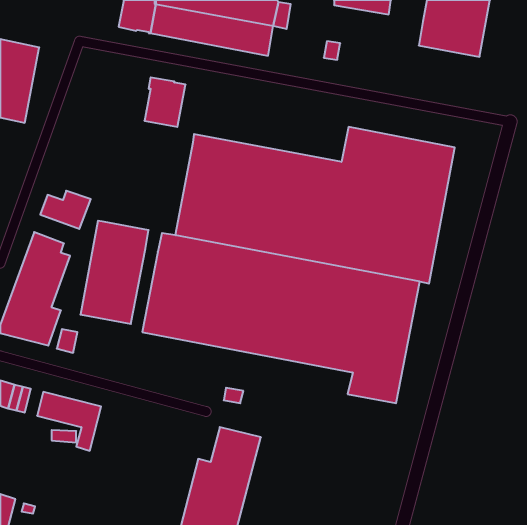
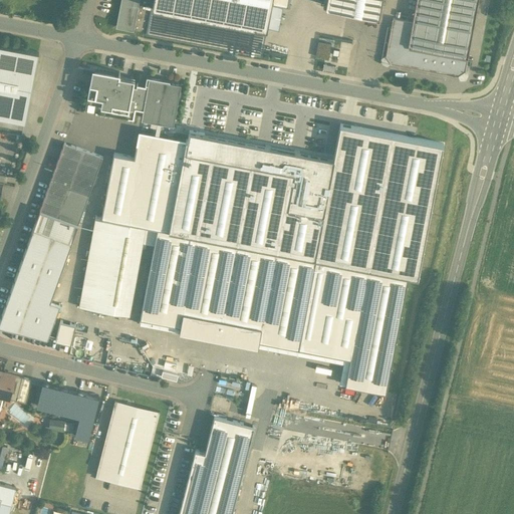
building: none -> [386,19,467,76]
building: none -> [88,72,147,113]
building: none -> [101,132,188,247]
building: none -> [46,144,102,197]
building: none -> [33,211,77,242]
building: none -> [95,402,160,490]

